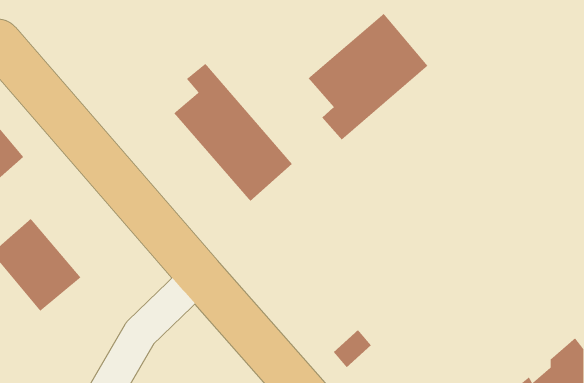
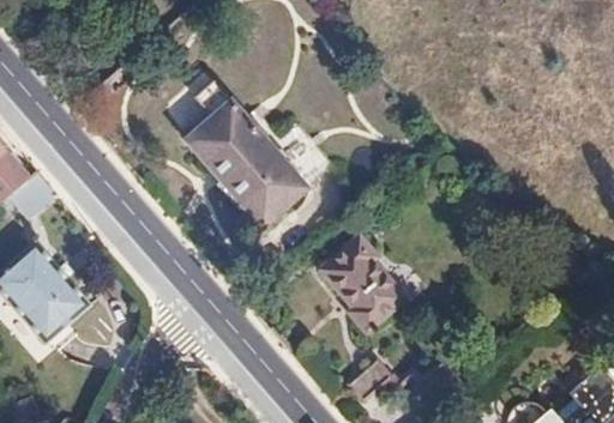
building: [307,13,428,141] -> none
building: none -> [320,235,405,332]

